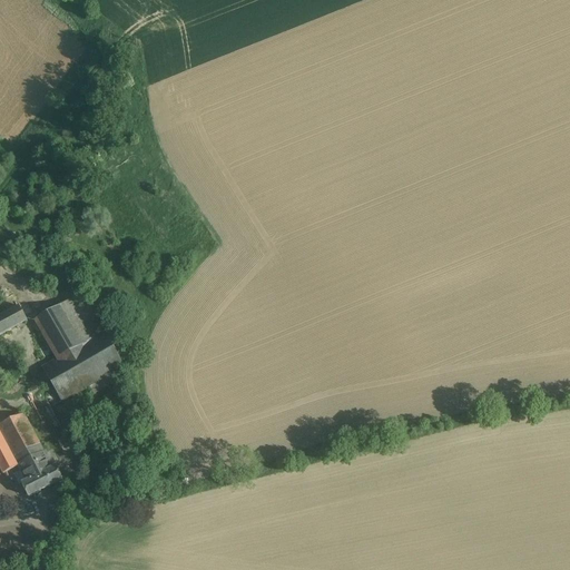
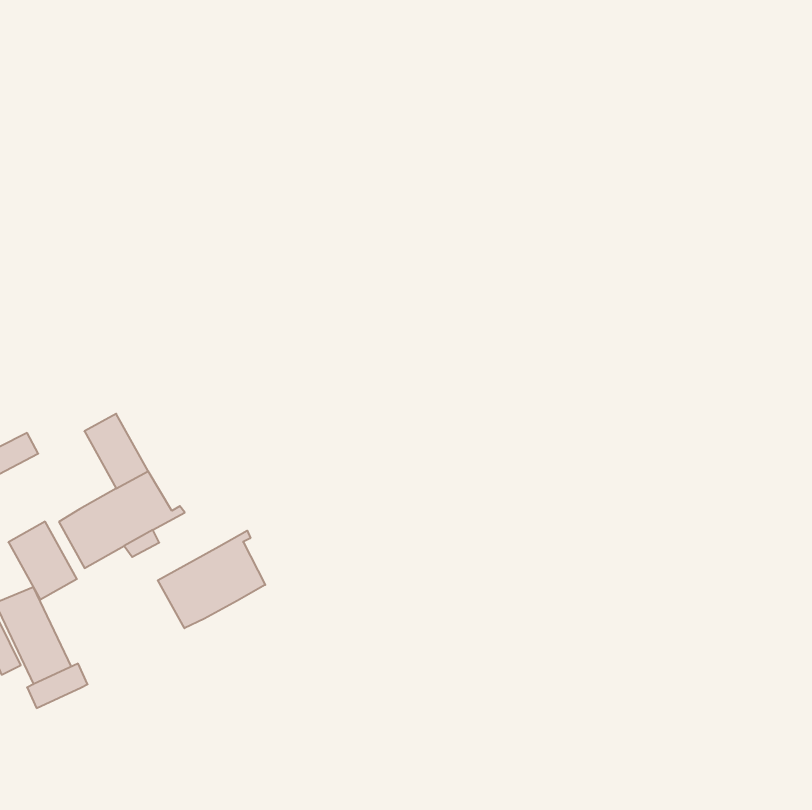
building: [33,304,81,358] -> [8,522,77,600]
building: none -> [158,531,265,628]

